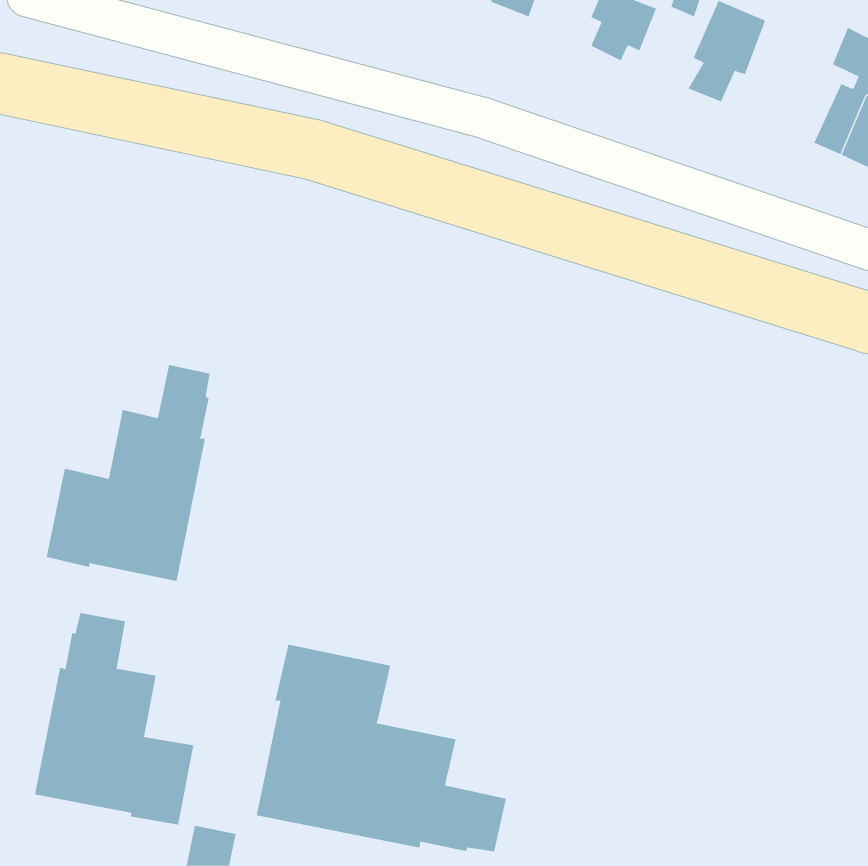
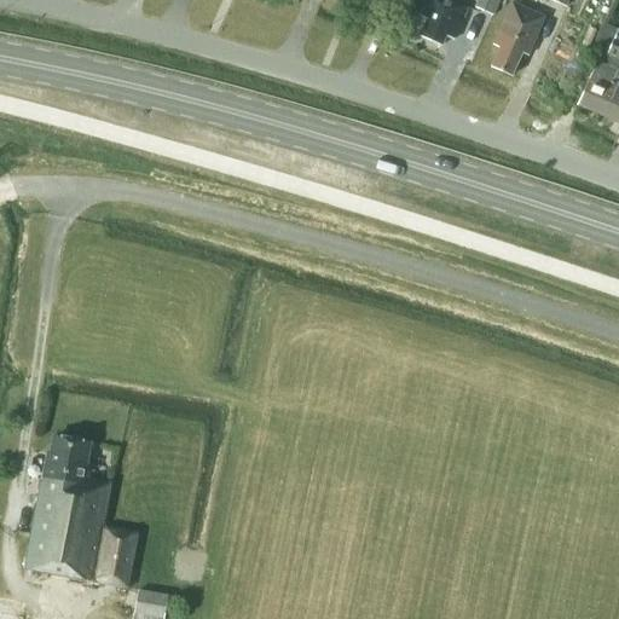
building: [46,364,210,582] -> none
building: [256,644,506,852] -> none

